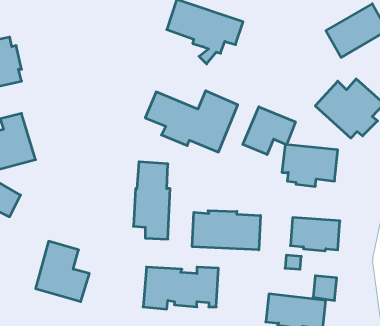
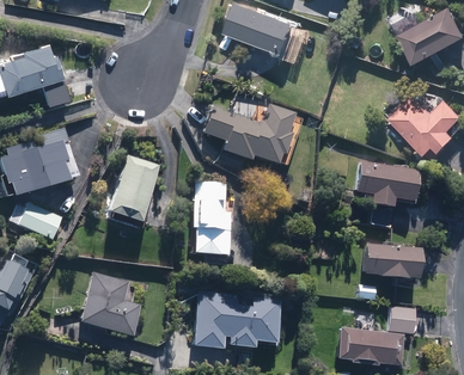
building: [243,107,295,155] -> none
building: none -> [104,156,157,223]
building: [192,211,260,250] -> none

